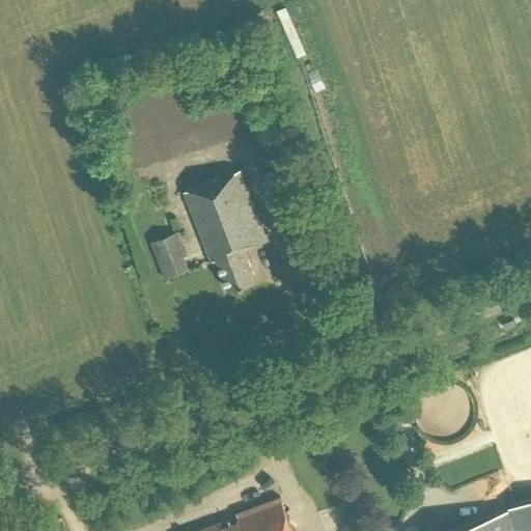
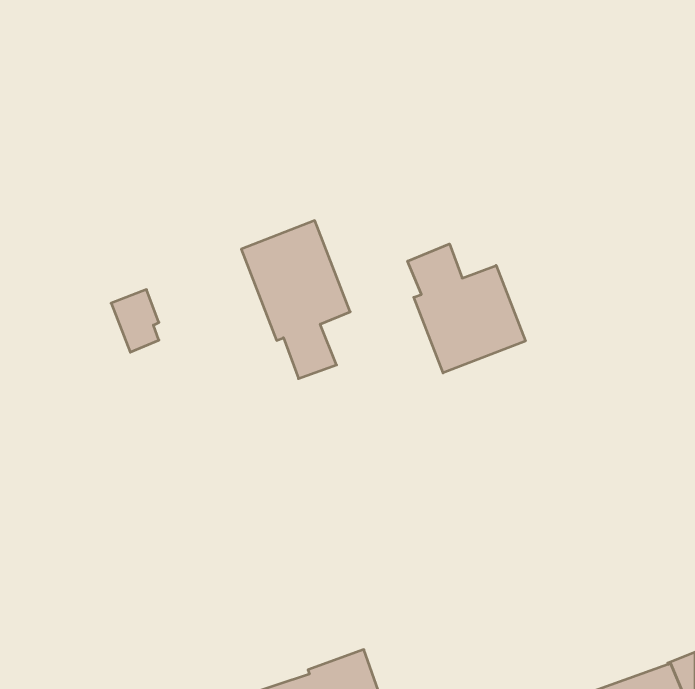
building: none -> [408,244,525,373]
building: [150,234,187,282] -> [111,290,159,352]

